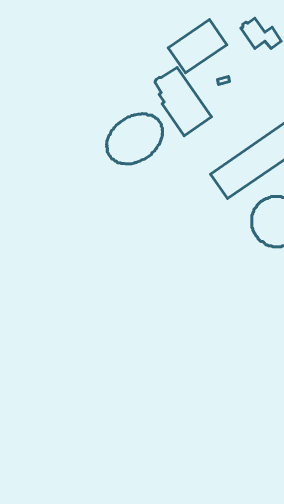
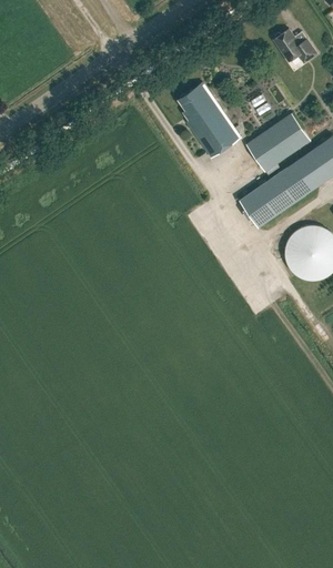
building: [168,20,227,73] -> [245,113,310,172]
building: [107,114,163,164] -> none

